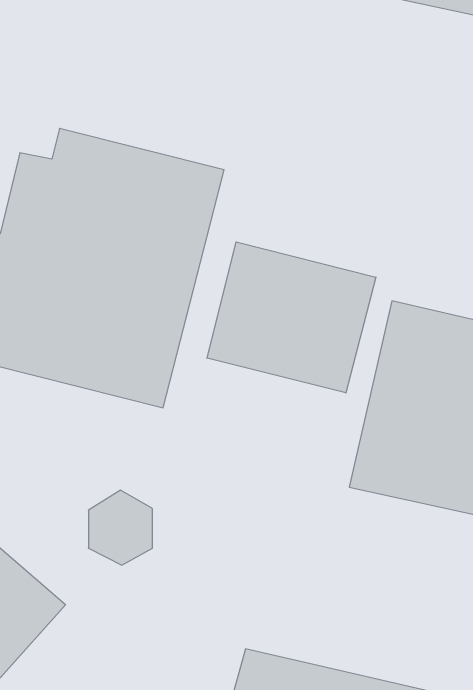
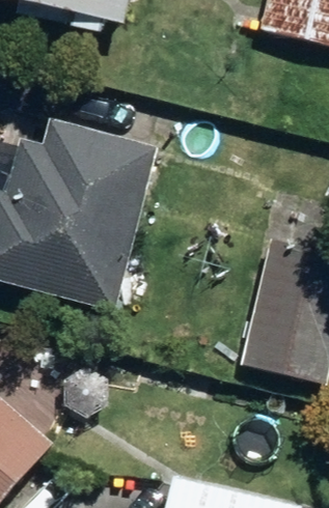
building: [207,242,376,393] -> none

